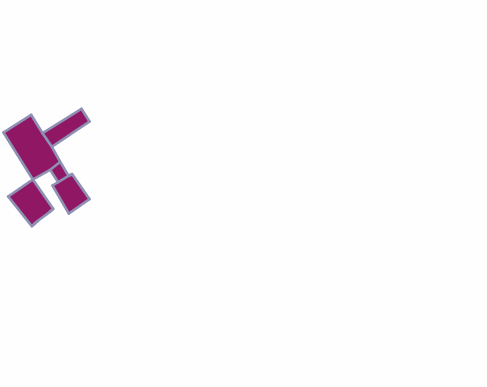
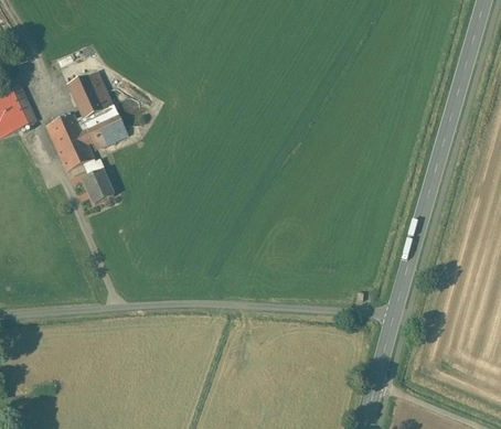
building: none -> [67,71,113,119]
building: [8,180,53,226] -> none

